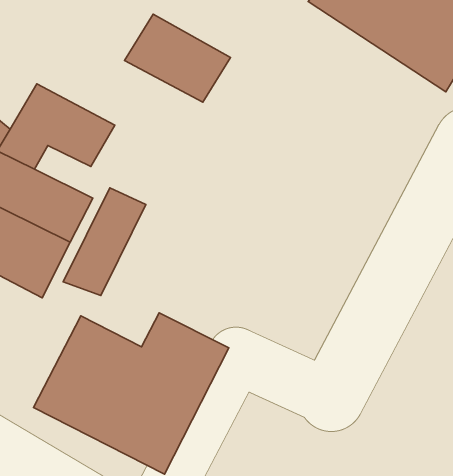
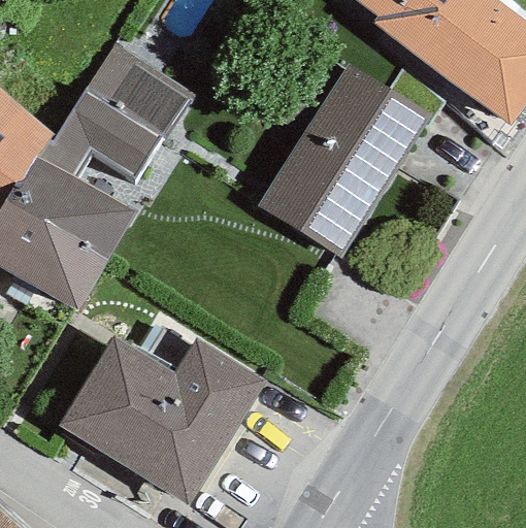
building: [125,14,231,102] -> [85,43,195,138]
building: none -> [258,65,432,258]
building: [63,188,146,296] -> none

